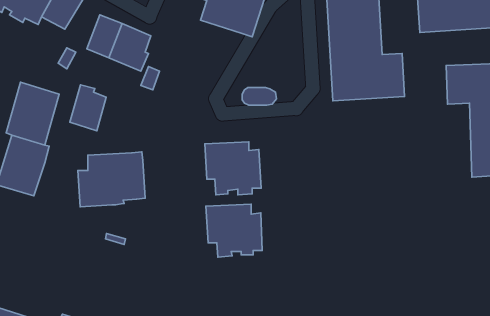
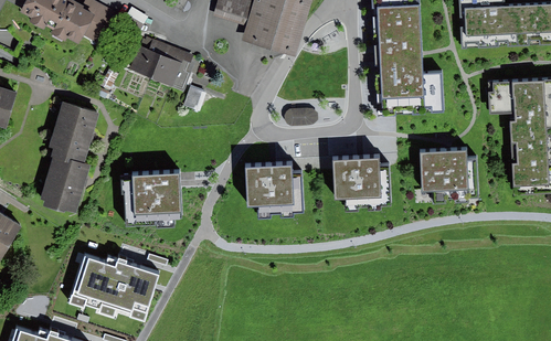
building: [70,85,106,131] -> none
building: none -> [417,147,478,204]
building: [206,204,262,257] -> [332,153,389,206]
building: none -> [70,251,160,308]

